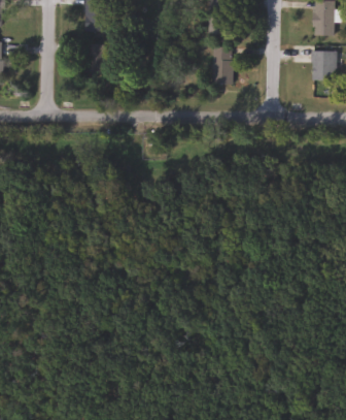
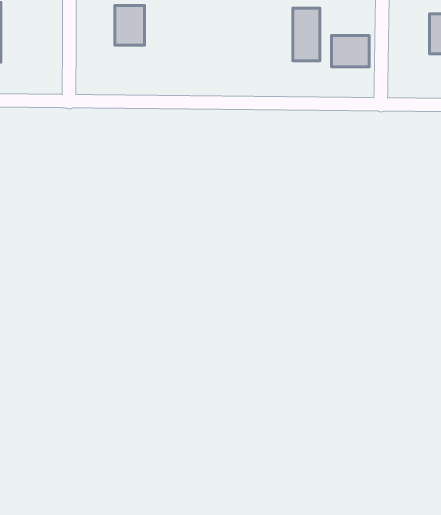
building: none -> [332,36,369,67]

